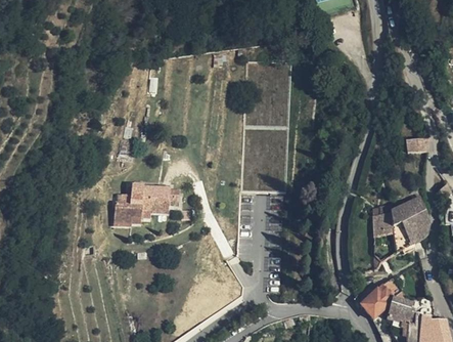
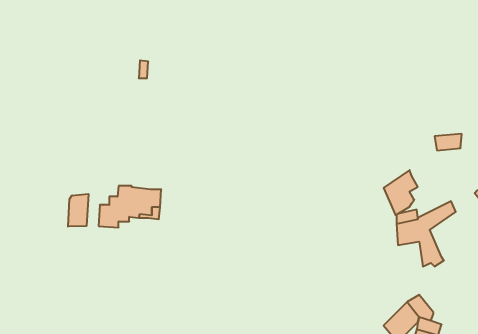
building: none -> [68,194,88,227]
building: [402,206,432,245] -> [384,170,418,215]

